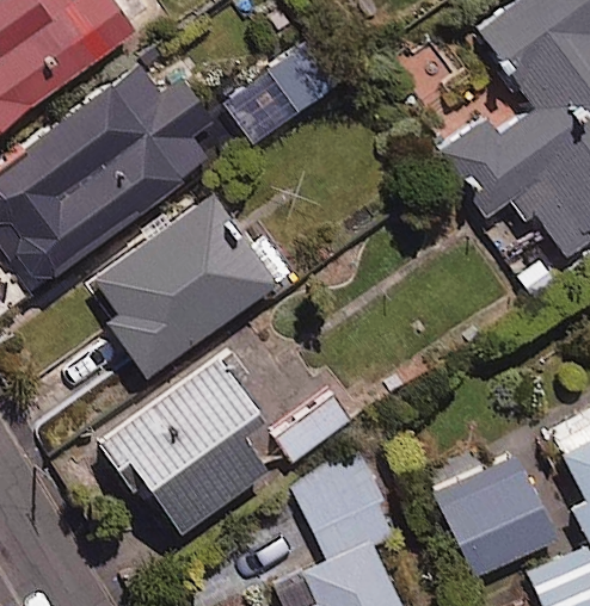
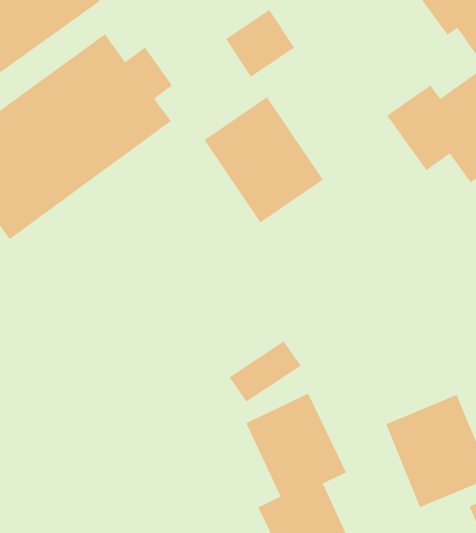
building: none -> [204,96,324,224]
building: [87,198,290,373] -> none
building: [111,359,268,533] -> none

